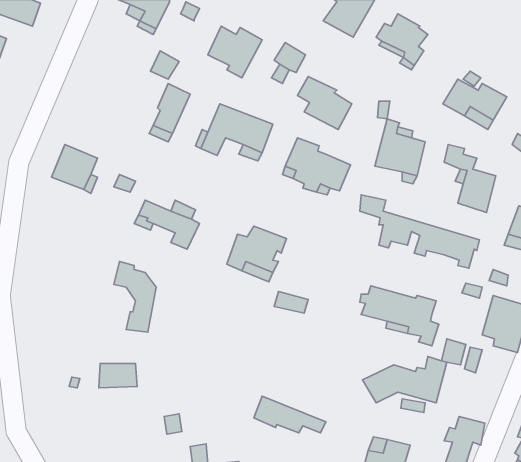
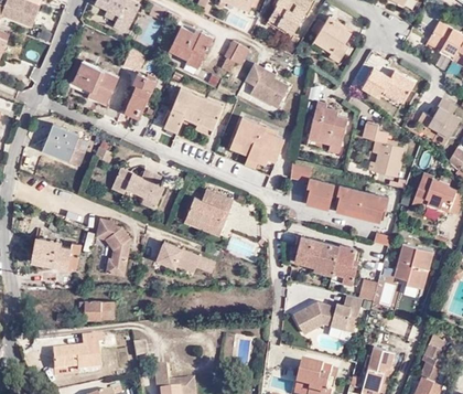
building: none -> [73,60,120,103]
building: none -> [31,242,87,273]
building: [254,396,326,433] -> [155,241,214,270]
building: none -> [53,333,103,370]

